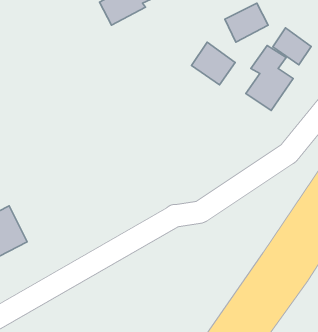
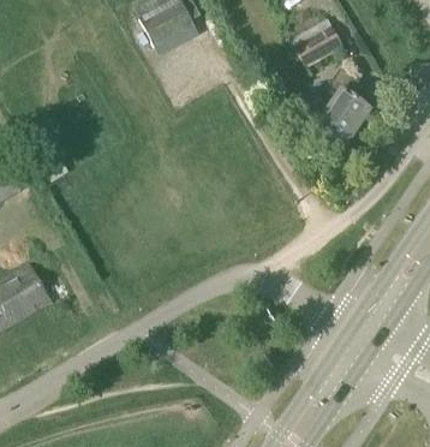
building: [273,28,311,65] -> none
building: [192,42,235,85] -> none

